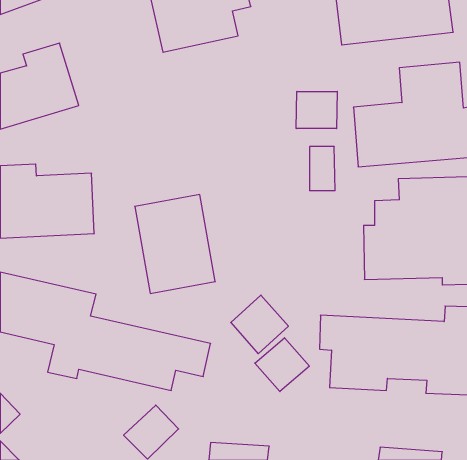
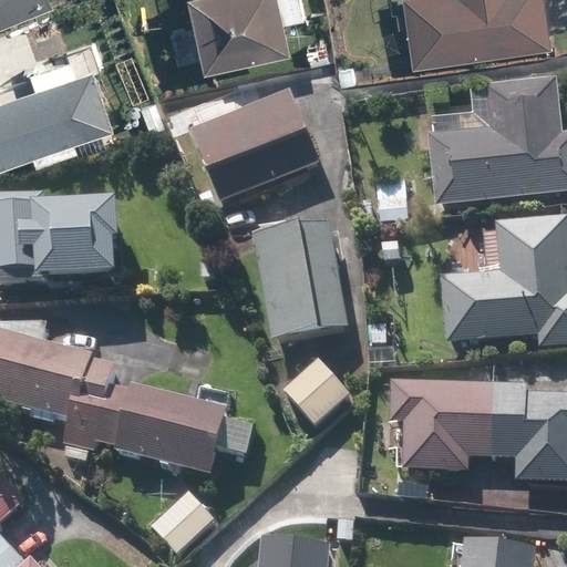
building: none -> [184,92,315,204]
building: [296,91,337,129] -> none
building: [135,195,215,293] -> [251,220,349,340]
building: [255,338,309,392] -> none

